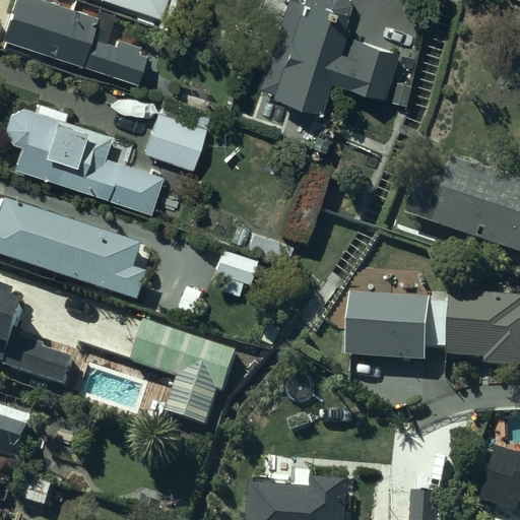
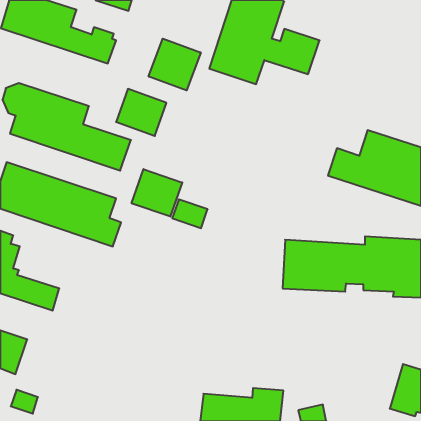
building: none -> [149,39,201,90]
building: none -> [132,169,182,217]
building: [130,321,238,427] -> none

